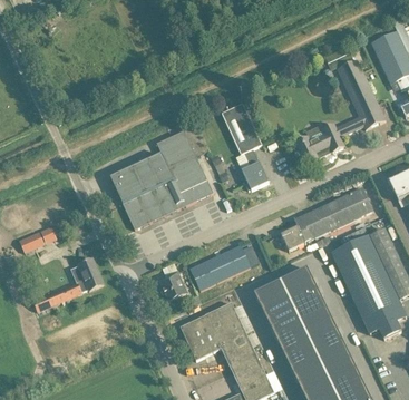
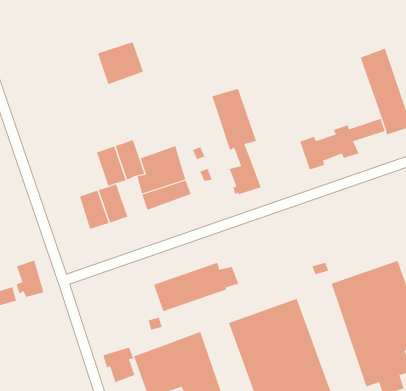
building: [157,130,196,167] -> [97,42,144,85]
building: [110,166,145,203] -> none
building: [152,182,178,215] -> none
building: [281,187,372,248] -> none
building: [156,270,184,300] -> [102,347,135,383]

